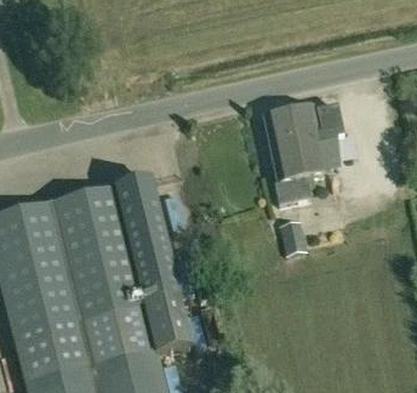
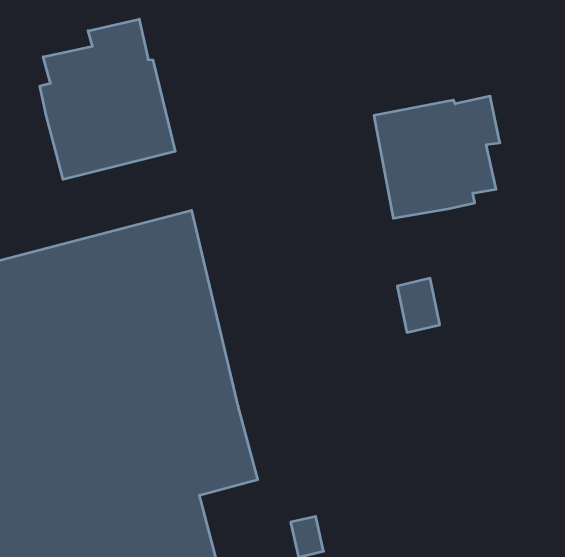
building: none -> [40,19,175,179]
building: [275,173,315,201] -> none

